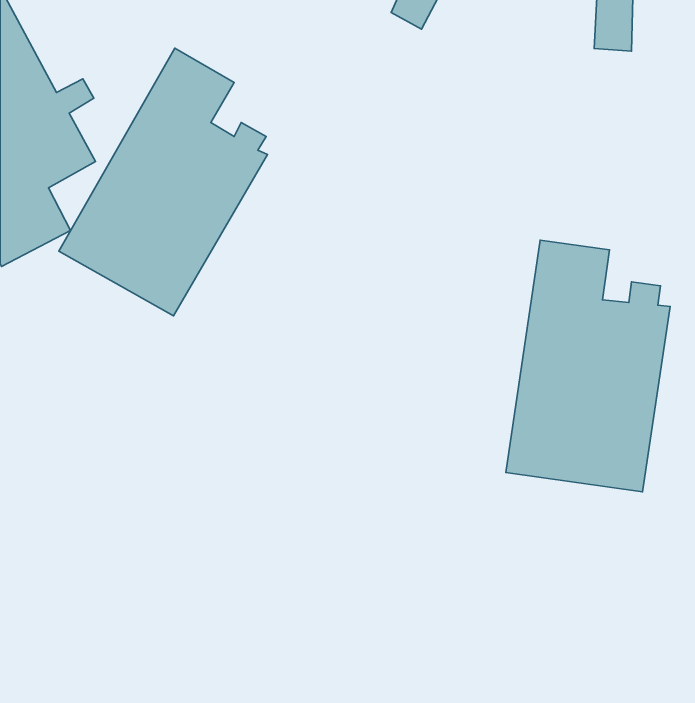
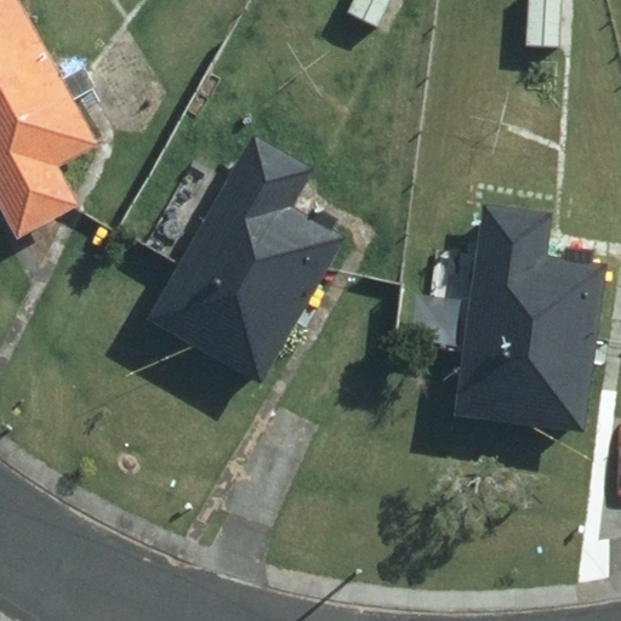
building: [59,48,267,316] -> [150,143,334,378]

